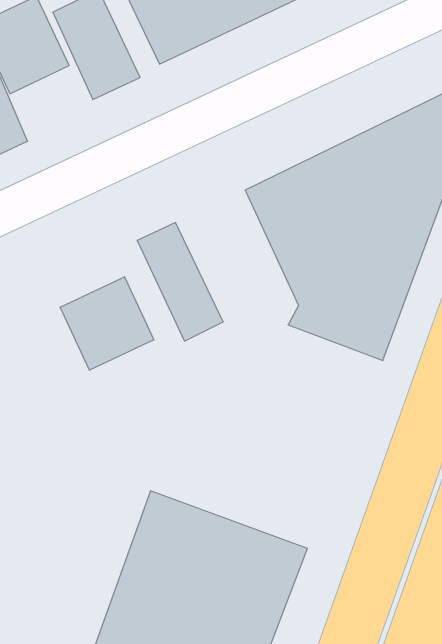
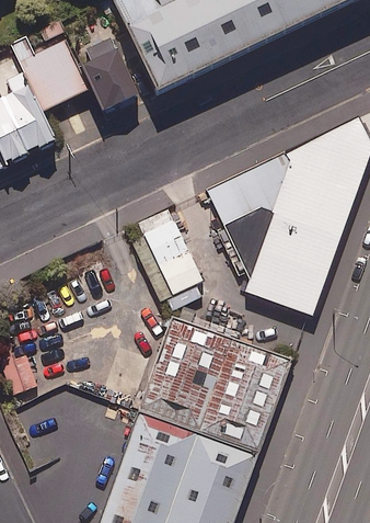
building: [60,277,154,370] -> none
building: none -> [144,312,296,450]

